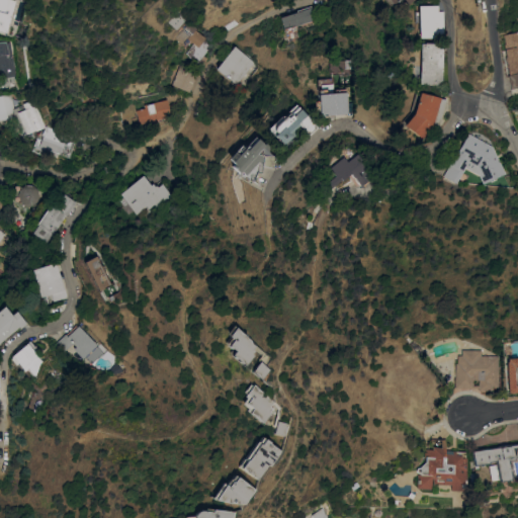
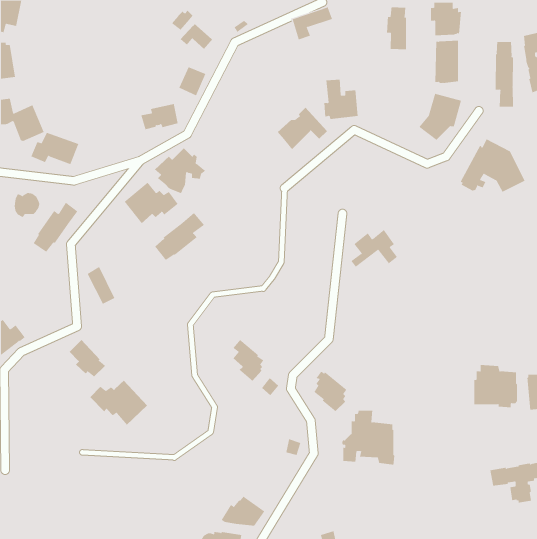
building: none -> [386,6,406,50]
building: none -> [495,41,513,108]
building: [220,47,257,85] -> none
building: [228,137,277,181] -> [154,147,206,194]
building: [323,152,368,188] -> [350,229,398,267]
building: none -> [155,212,205,261]
building: [34,263,69,301] -> none
building: [13,344,44,377] -> none
building: none -> [89,380,148,425]
building: [244,384,276,424] -> [313,371,347,412]
building: [242,438,283,481] -> none
building: [416,440,467,493] -> [341,410,395,465]

